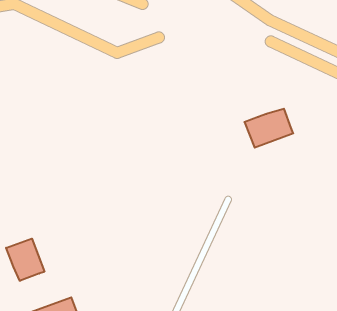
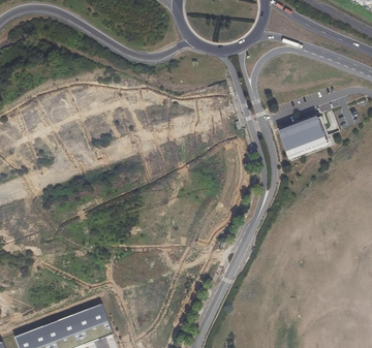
building: [6,239,44,281] -> none

